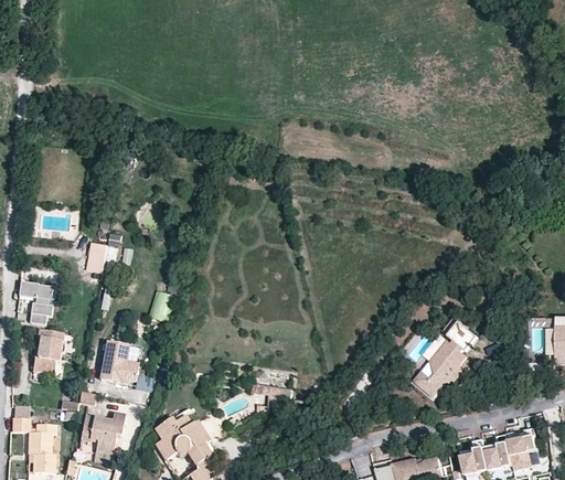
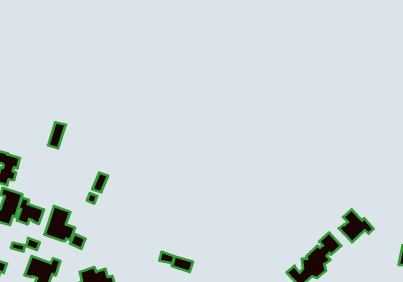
building: none -> [339,209,374,242]
building: none -> [17,198,44,224]

